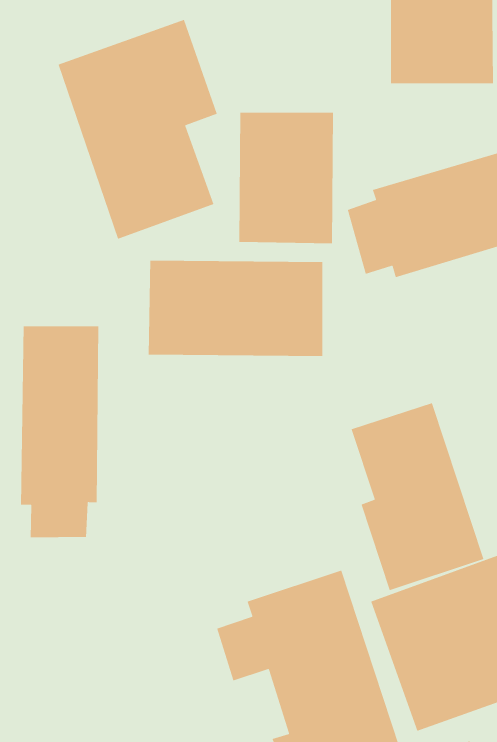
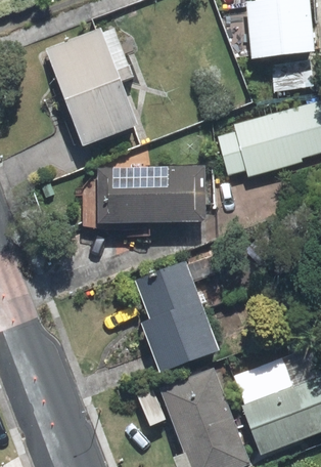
building: [238,112,334,244] -> none
building: [20,326,99,538] -> none
building: [351,402,484,591] -> [134,259,216,375]

